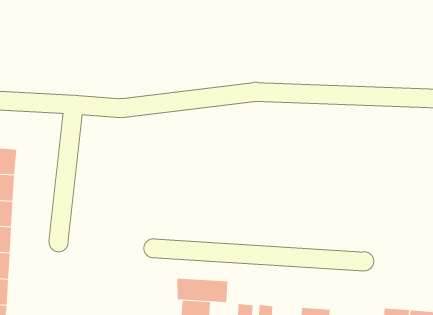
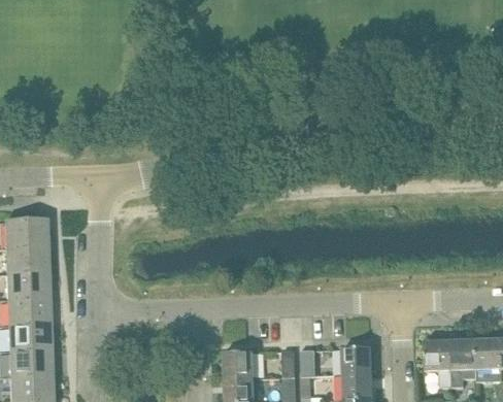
building: [177,278,228,303] -> none

